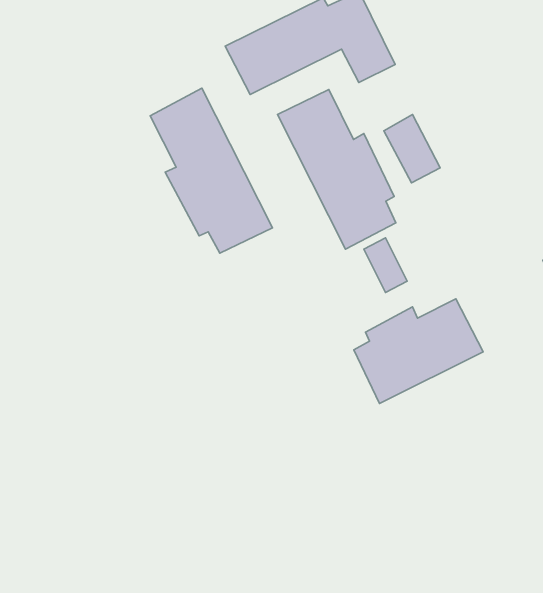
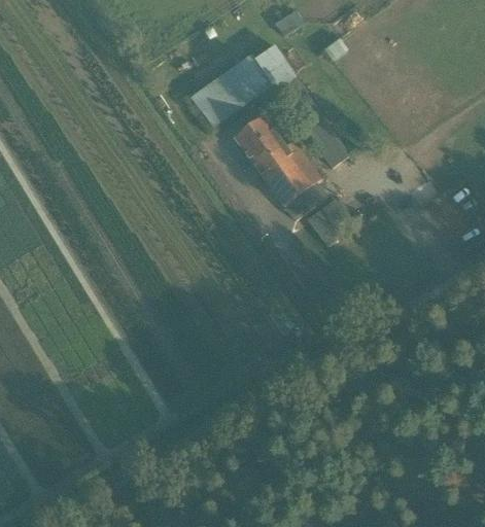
building: [150,88,272,253] -> none
building: [354,299,483,404] -> none

